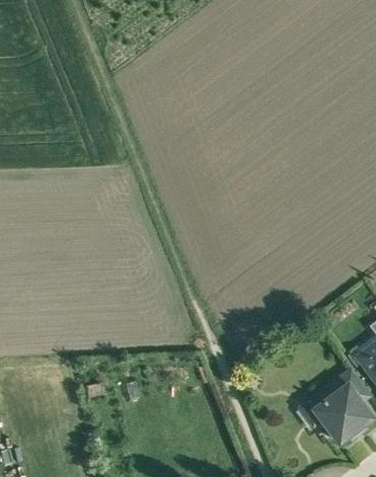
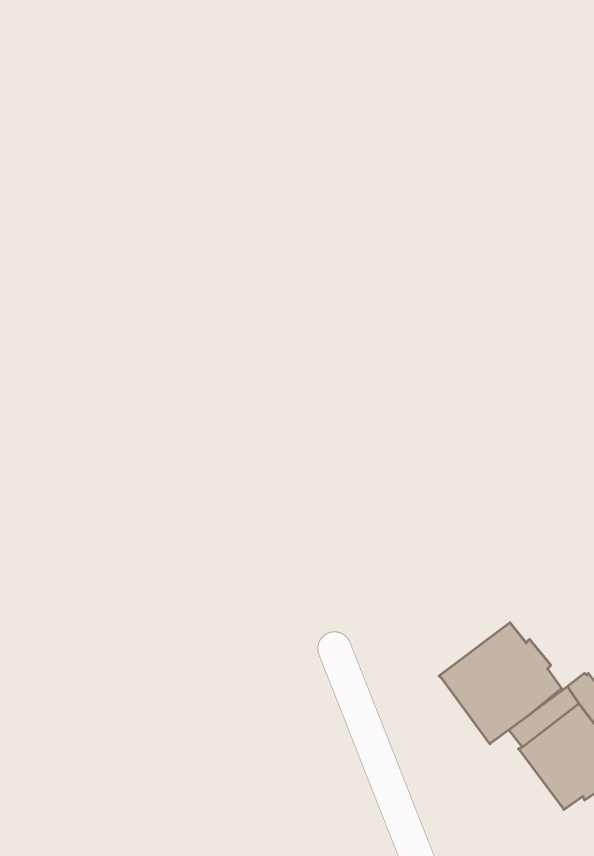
building: none -> [439,623,562,744]

